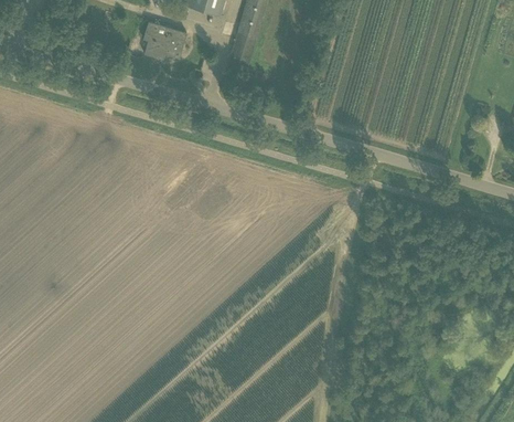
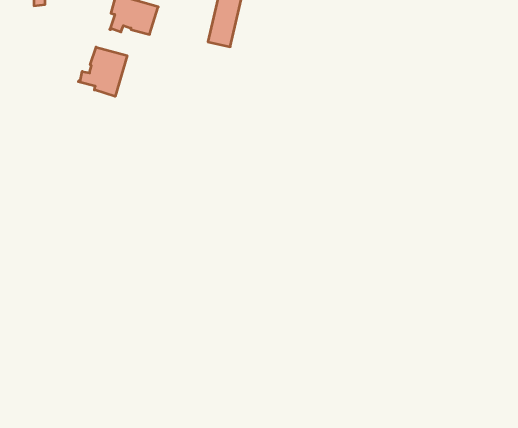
building: none -> [78,47,127,96]

